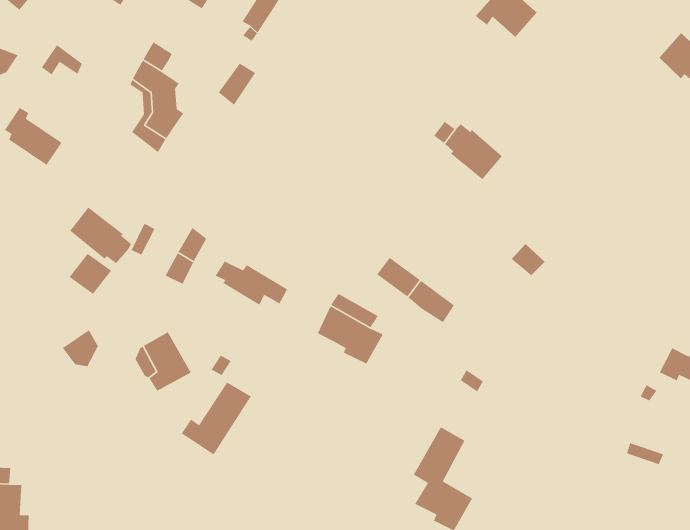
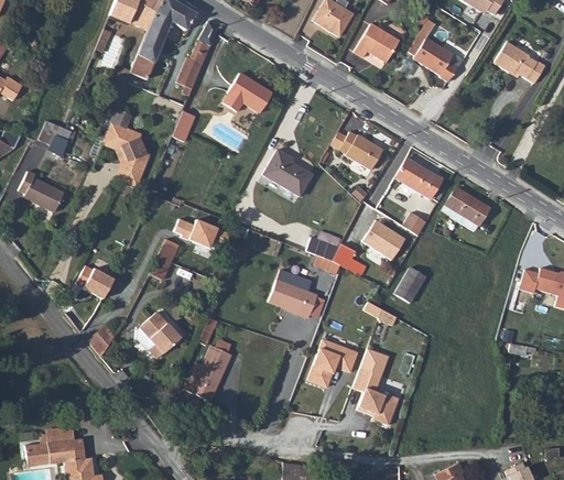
building: none -> [405,37,447,80]
building: none -> [225,75,274,113]
building: none -> [269,150,315,192]
building: none -> [394,157,442,199]
building: [69,206,132,264] -> none
building: none -> [444,189,494,233]
building: none -> [360,218,404,259]
building: [214,261,288,306] -> [177,218,232,247]
building: none -> [398,269,427,305]
building: none -> [306,342,356,390]

